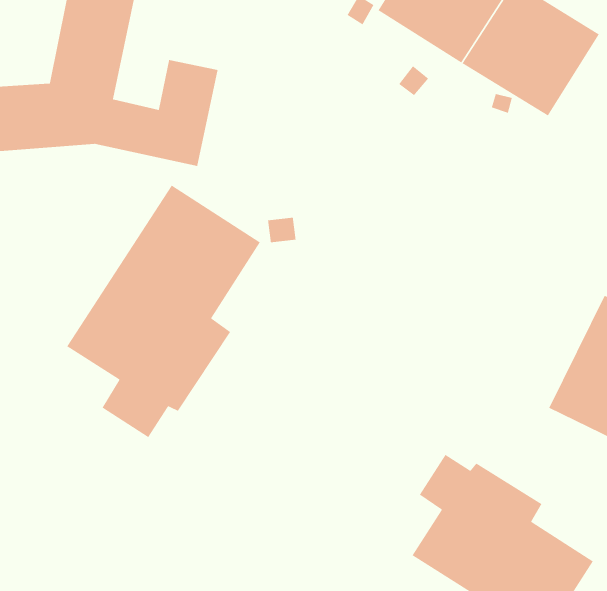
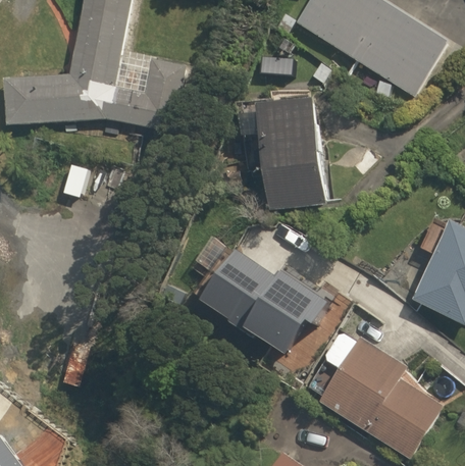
building: none -> [259,99,323,210]
building: [66,185,261,438] -> none
building: none -> [206,255,332,358]

